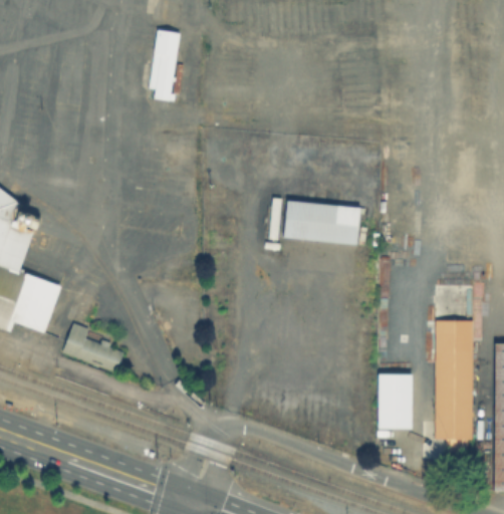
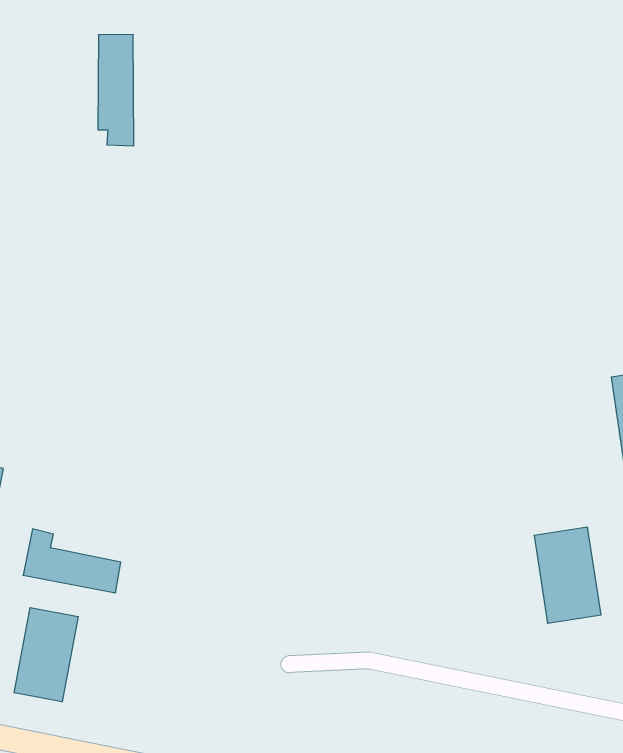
building: [282,201,357,242] -> none
building: none -> [14,608,78,702]

